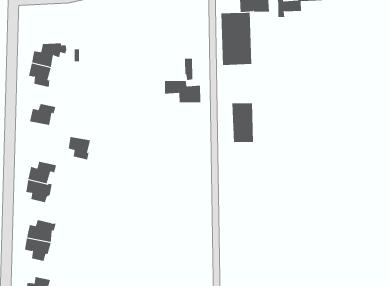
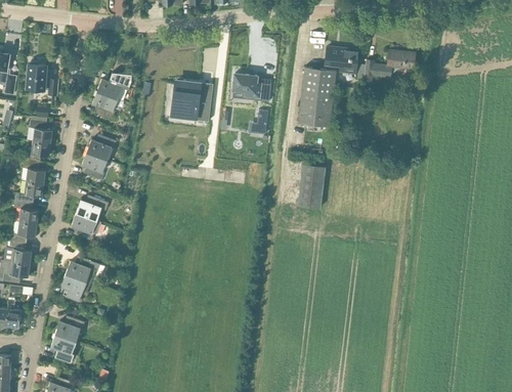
building: none -> [170,79,211,117]
building: [164,80,201,103] -> [231,73,271,101]
building: [68,136,91,160] -> [82,153,108,180]

